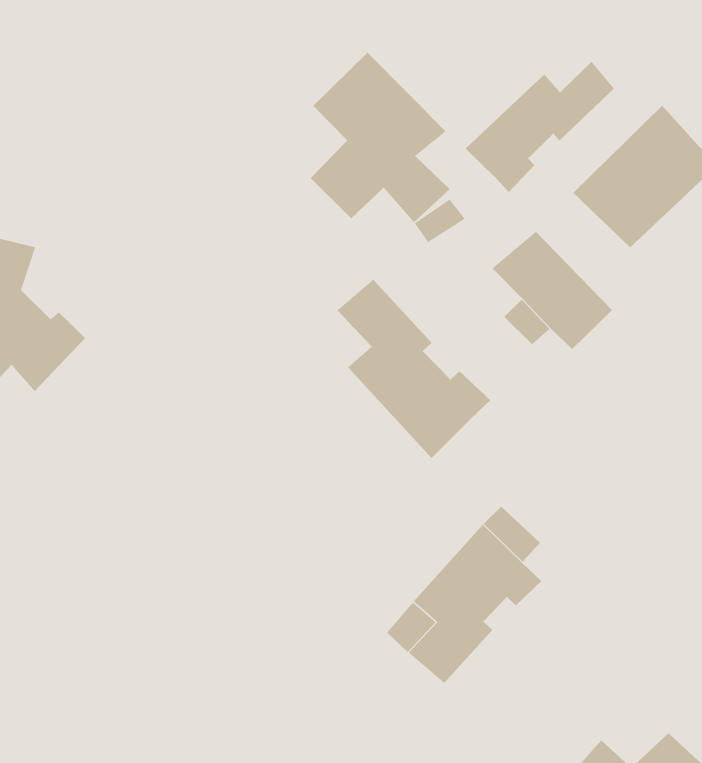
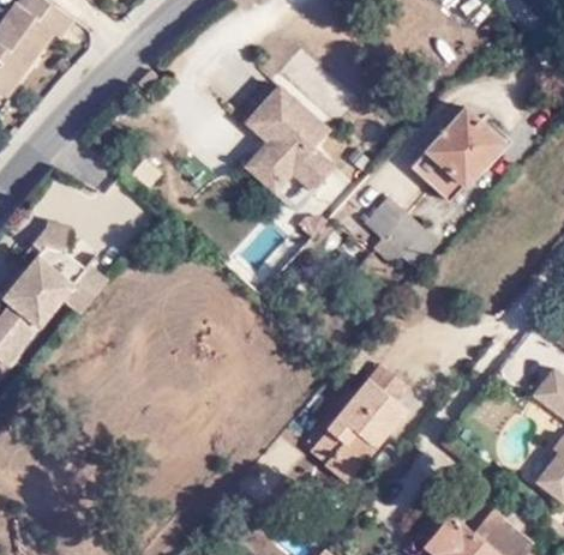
building: [465,61,615,193] -> none
building: [337,279,491,459] -> none

